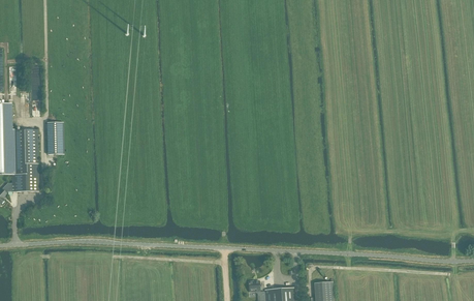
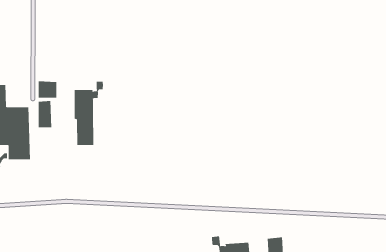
building: none -> [38,81,57,99]
building: none -> [74,81,103,146]

